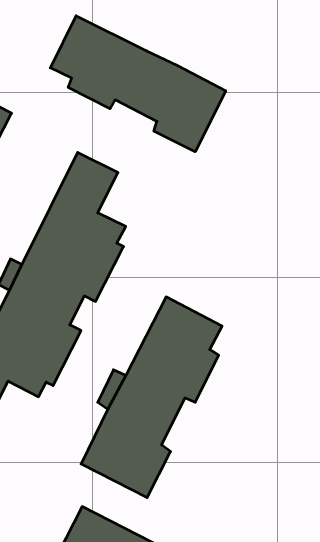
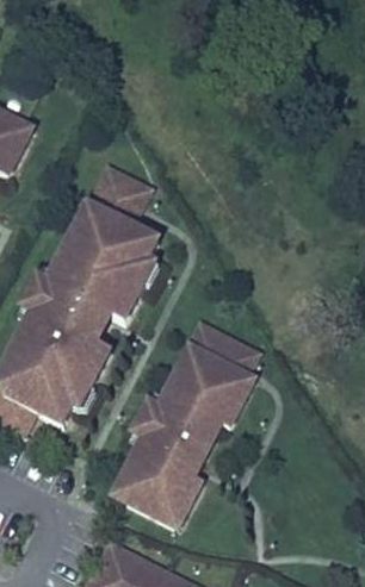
building: [50,16,226,152] -> none

